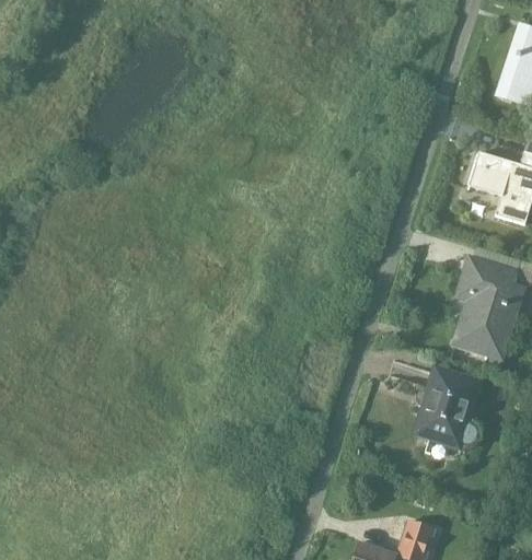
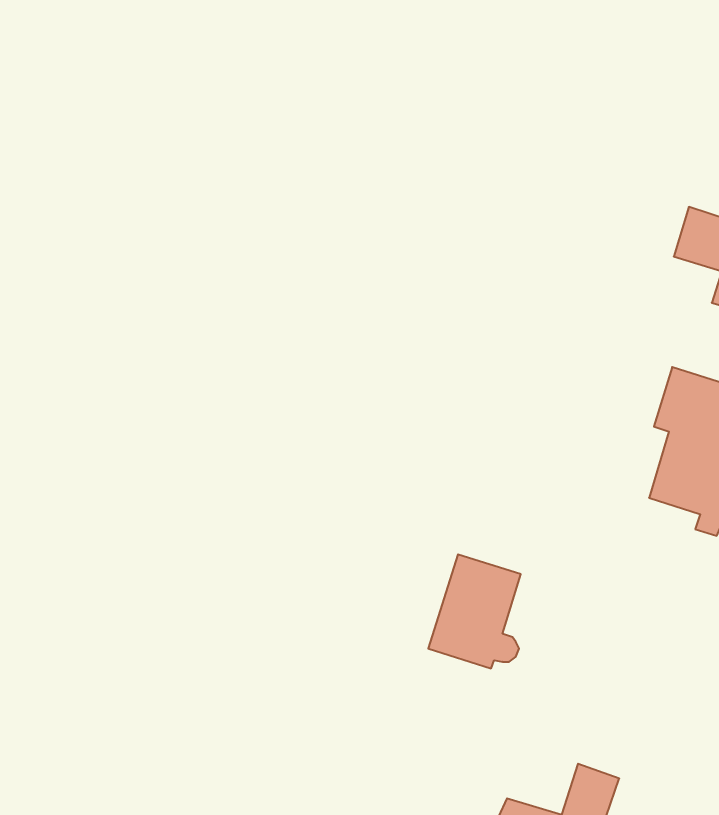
building: [415,370,476,445] -> [428,554,521,668]

